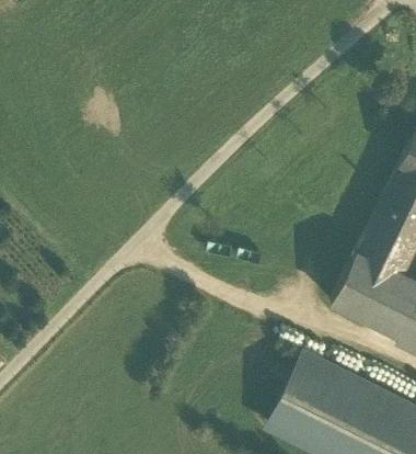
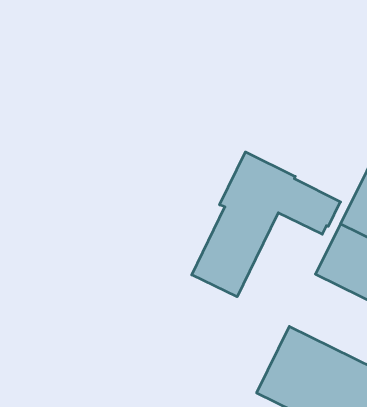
building: none -> [192,152,341,297]

